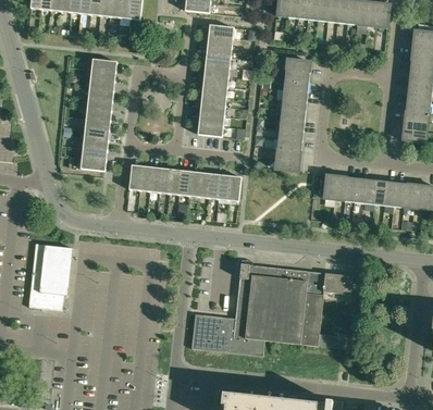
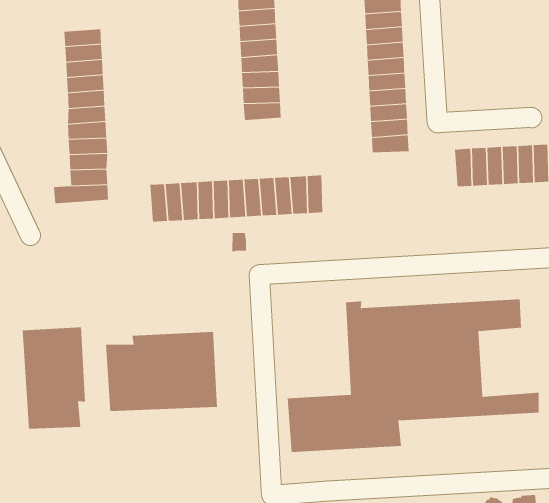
building: none -> [106,331,217,412]

